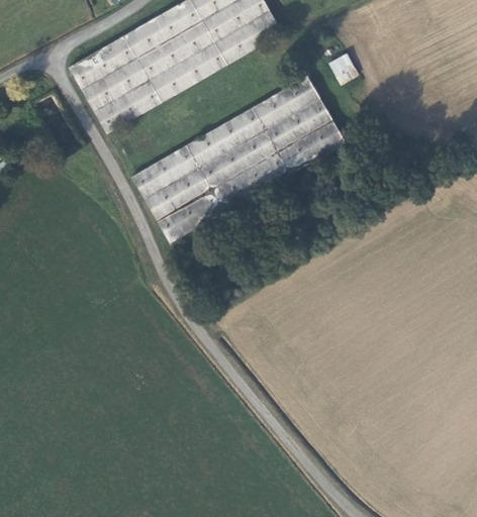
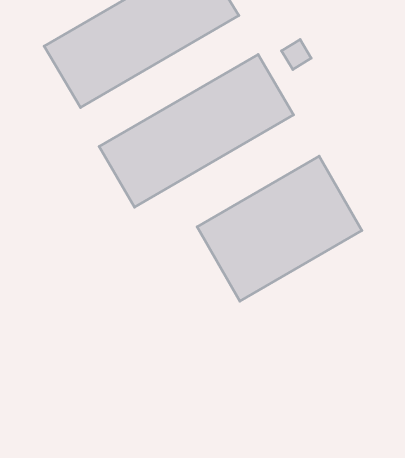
building: none -> [197,156,362,301]

